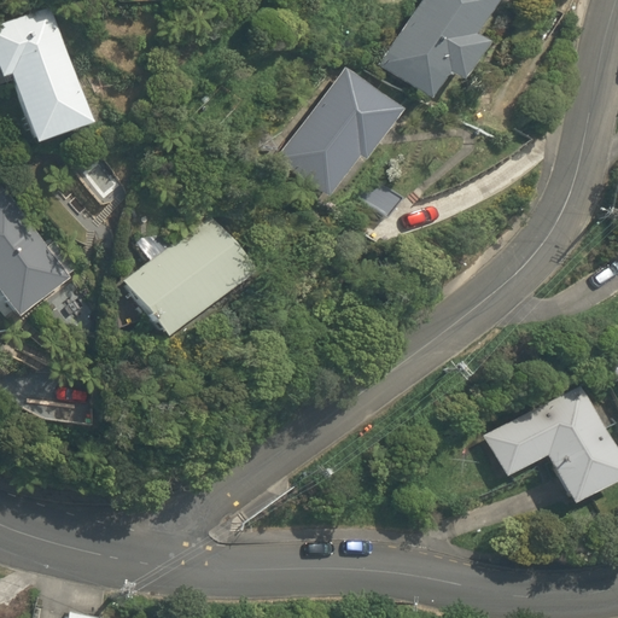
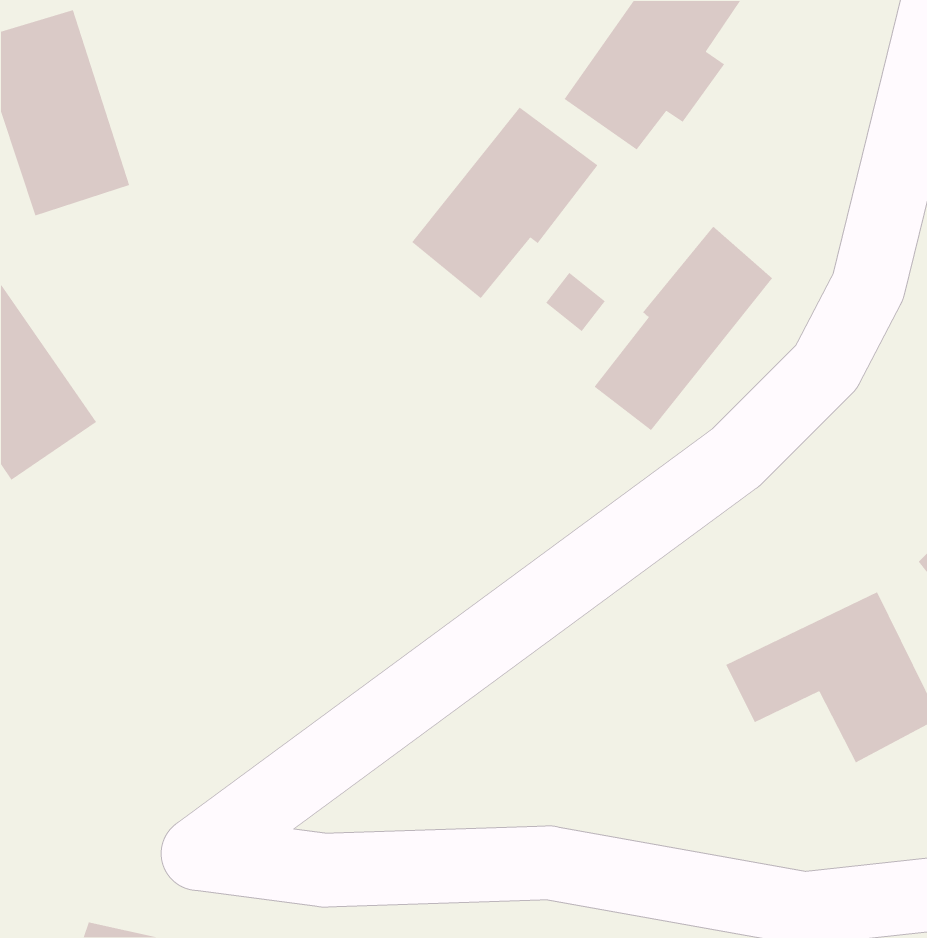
building: none -> [593,226,773,431]
building: [123,217,252,337] -> none

